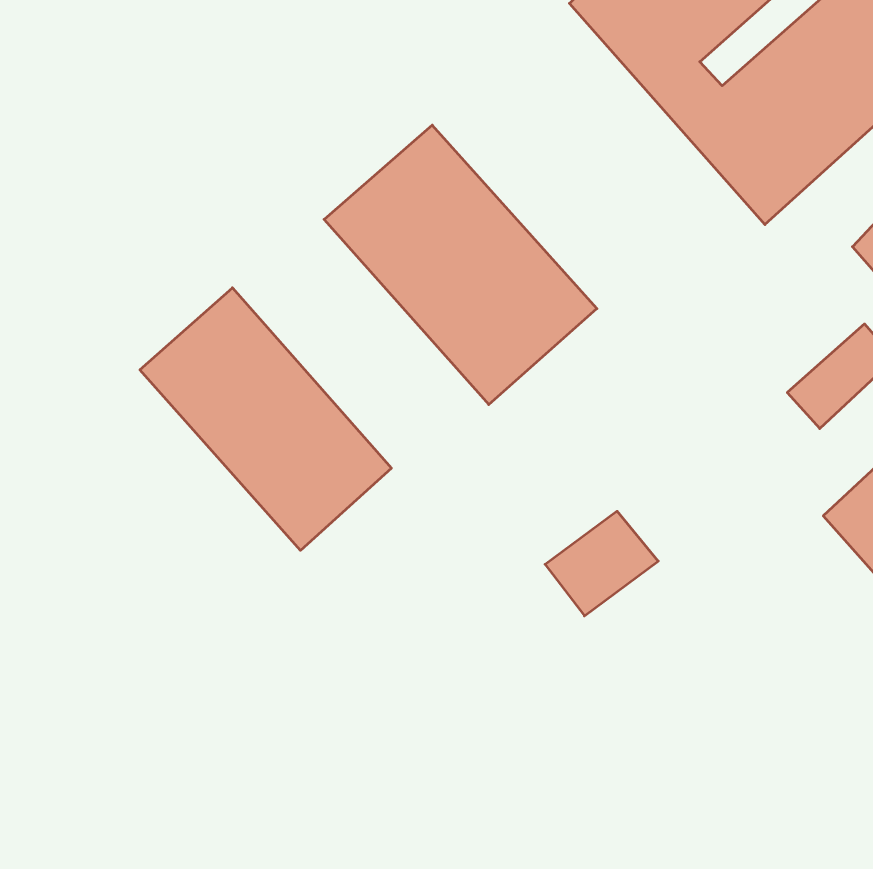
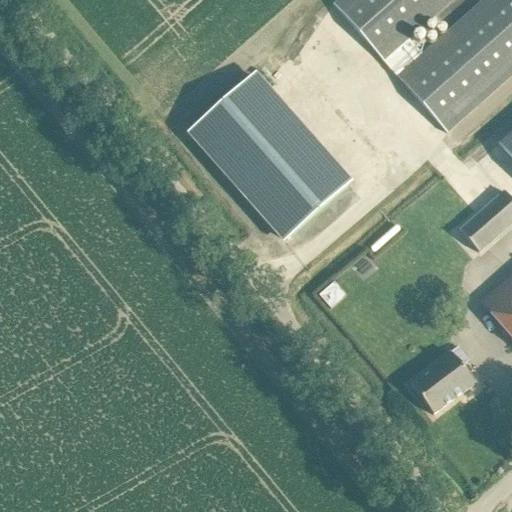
building: [140,288,391,550] -> none
building: [545,511,658,616] -> [411,351,477,412]

